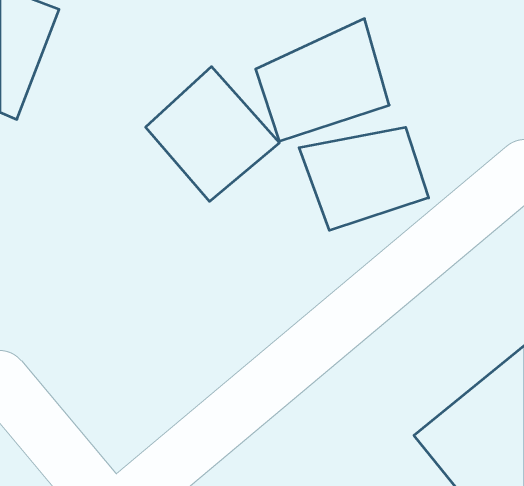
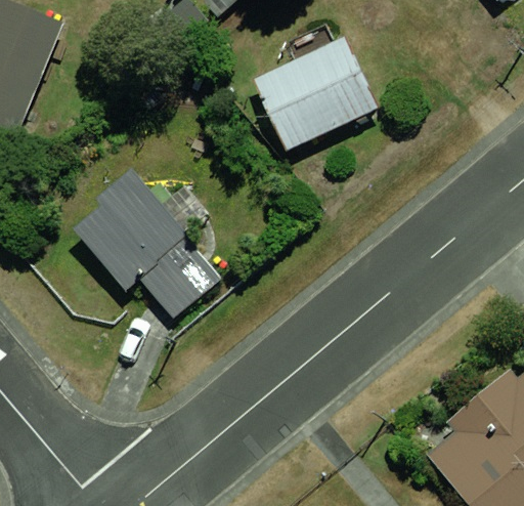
building: [146,67,279,201] -> [76,161,209,295]
building: [299,127,429,230] -> none

